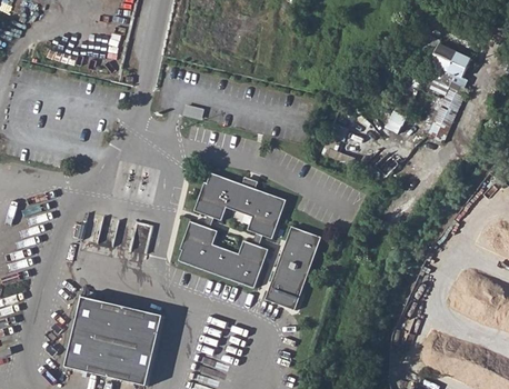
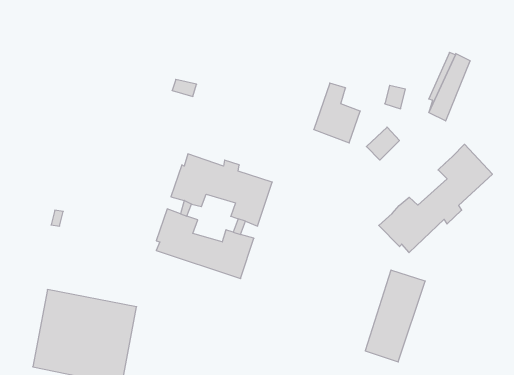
building: [429,43,470,77] -> none
building: none -> [379,144,492,253]
building: [267,225,321,308] -> [365,270,425,362]

